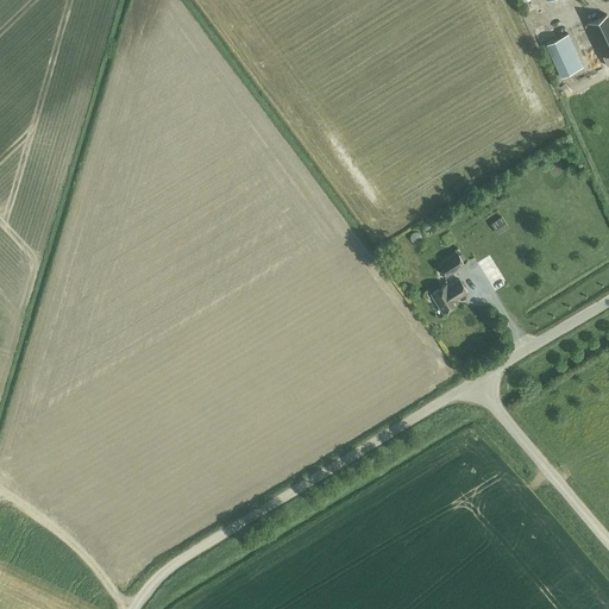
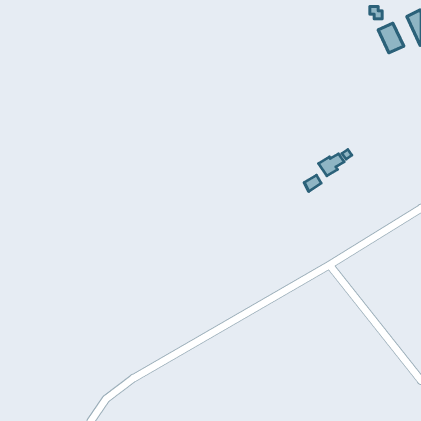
building: [431,281,467,313] -> [319,154,344,176]

